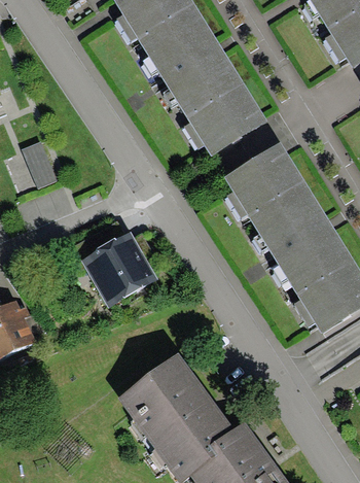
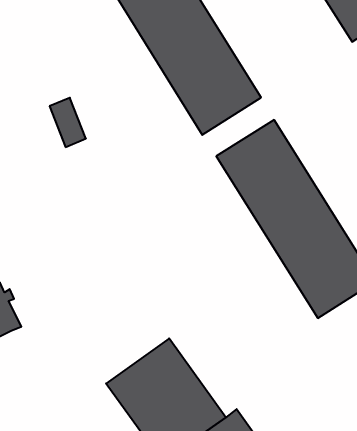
building: [21,140,56,187] -> [50,98,86,147]
building: [80,231,157,306] -> none

